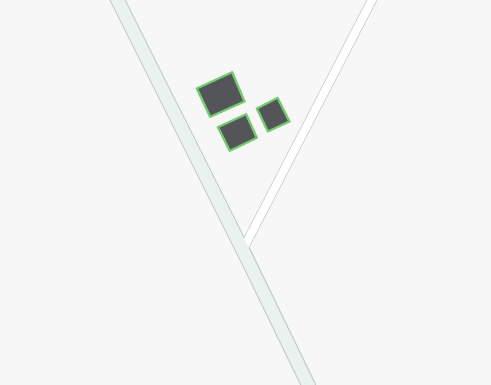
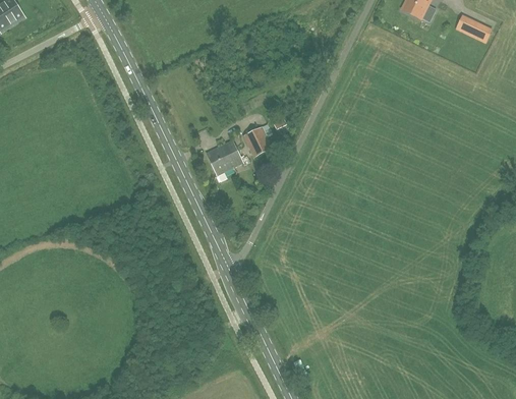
building: [197,72,245,117] -> none

